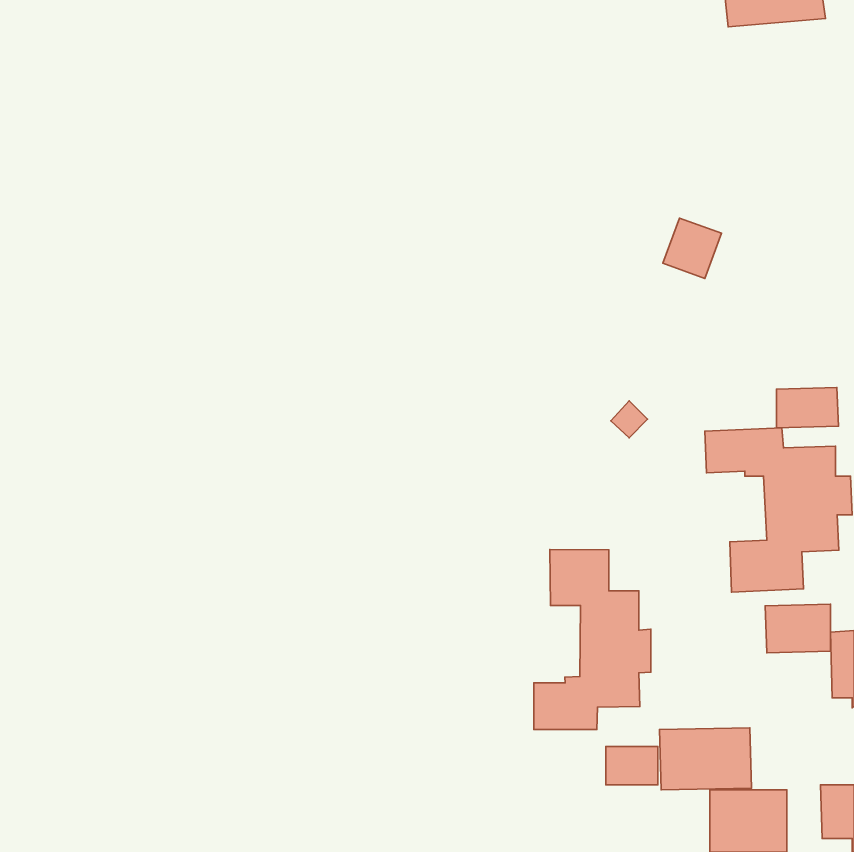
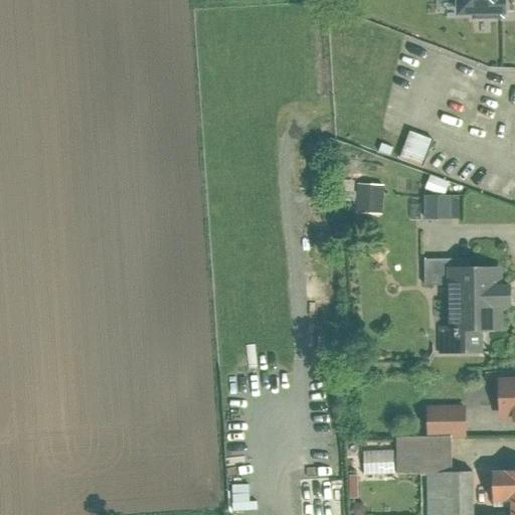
building: none -> [355,183,383,212]
building: [777,388,839,428] -> [423,194,461,218]
building: [534,550,651,729] -> none
building: [765,604,831,653] -> [425,406,465,436]

